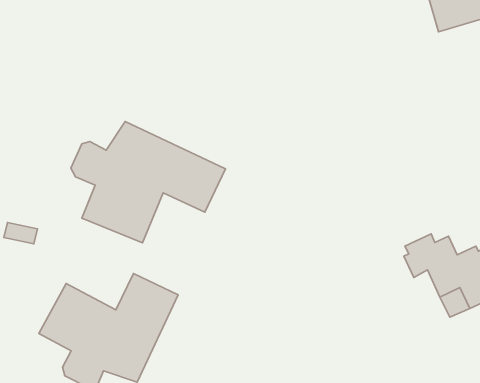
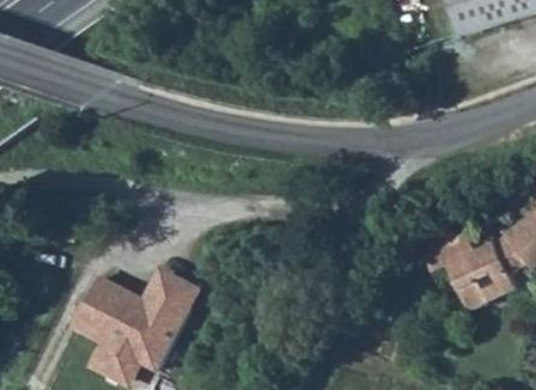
building: [71,121,225,243] -> none

